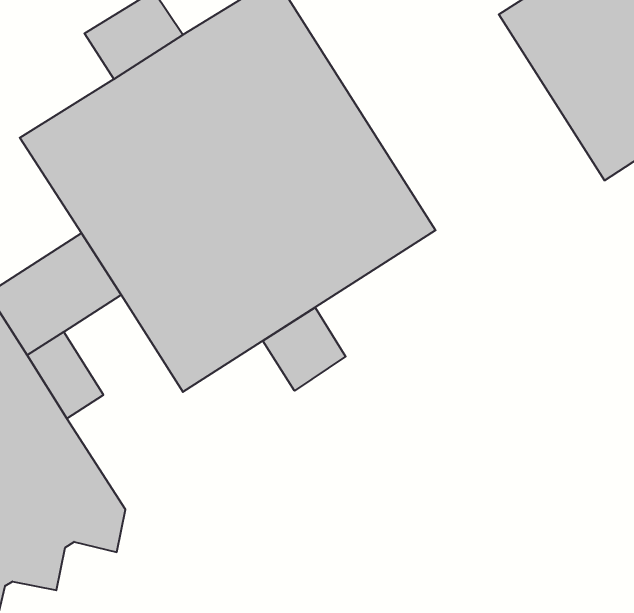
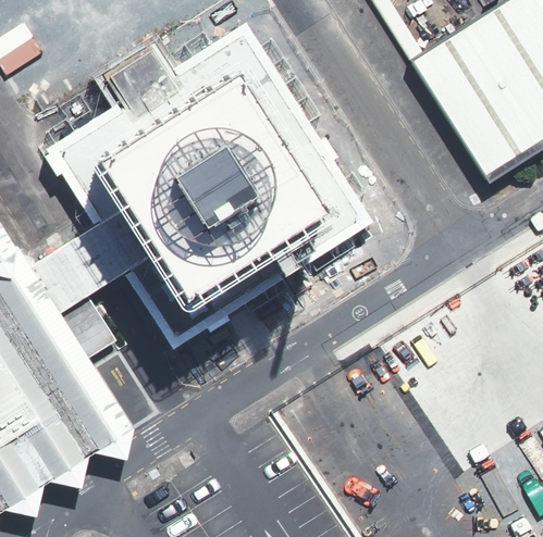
building: [263,307,346,391] -> none

